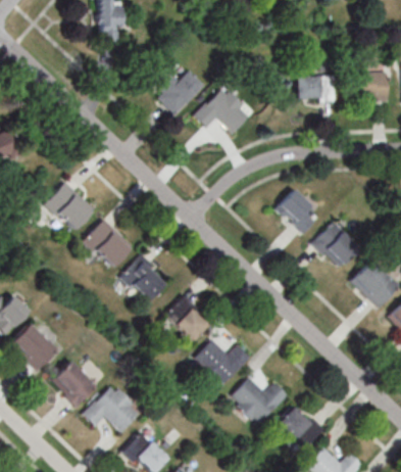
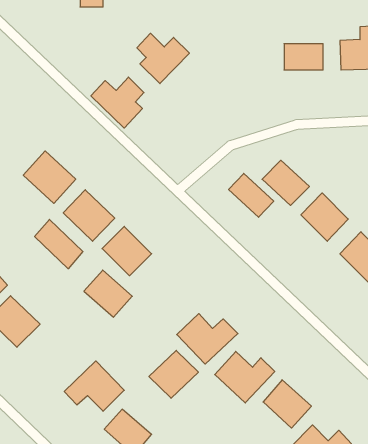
building: [196,86,253,135] -> none
building: none -> [91,77,144,128]
building: none -> [229,173,274,217]
building: none -> [35,219,83,269]
building: [164,296,211,342] -> [84,270,132,317]
building: [50,362,97,408] -> none
building: none -> [149,350,198,398]

